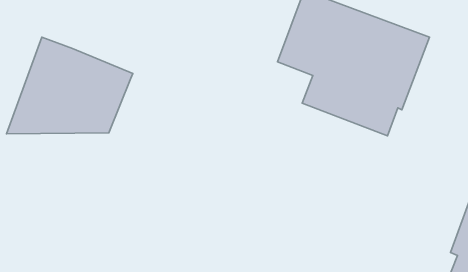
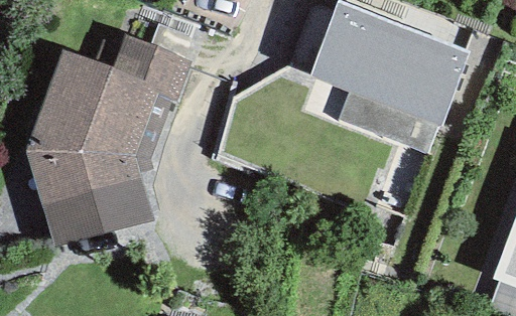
building: none -> [95,27,192,101]
building: none -> [25,150,154,246]

